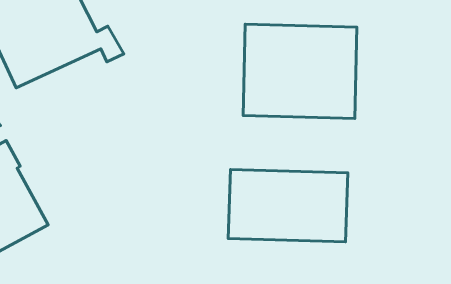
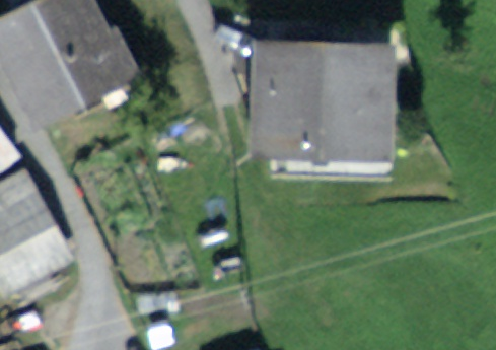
building: [228,170,348,242] -> none

